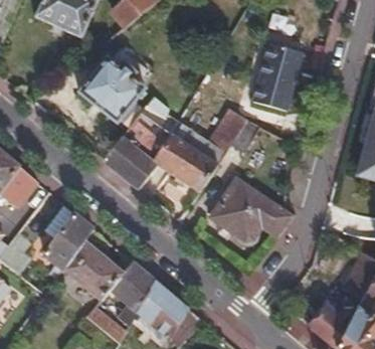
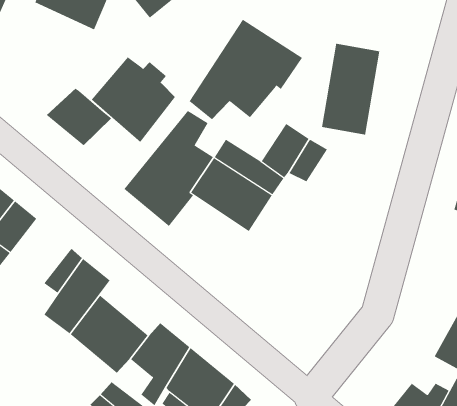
building: none -> [189,19,303,120]
building: none -> [46,88,112,146]
building: [211,178,296,244] -> none

